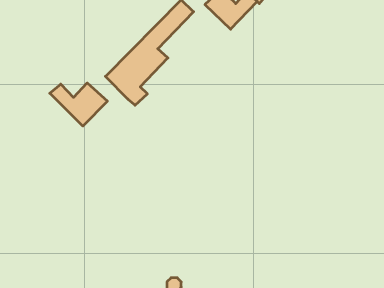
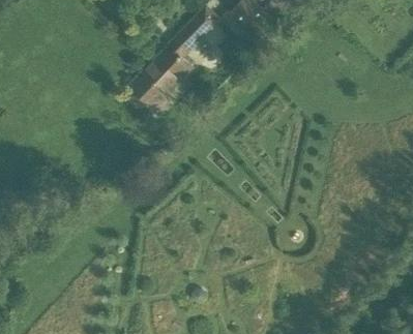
building: [50,83,107,126] -> none

